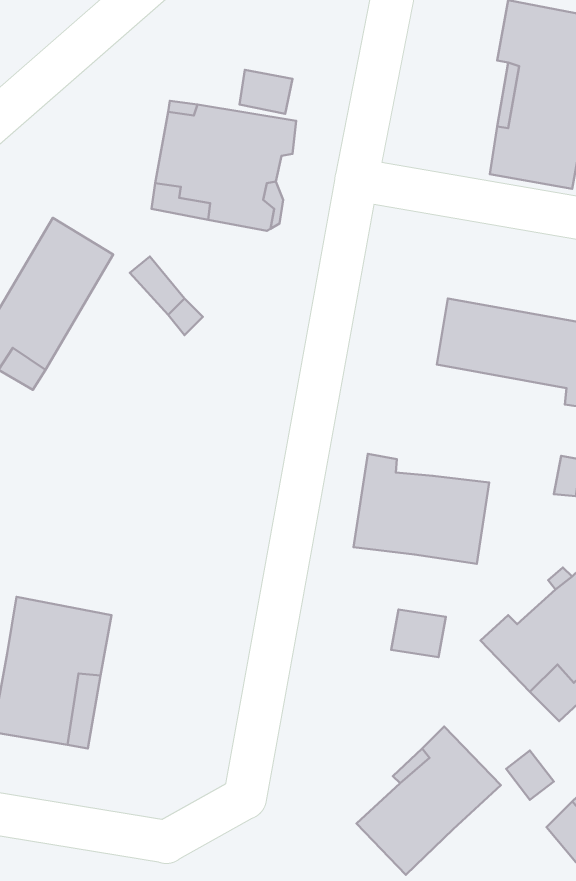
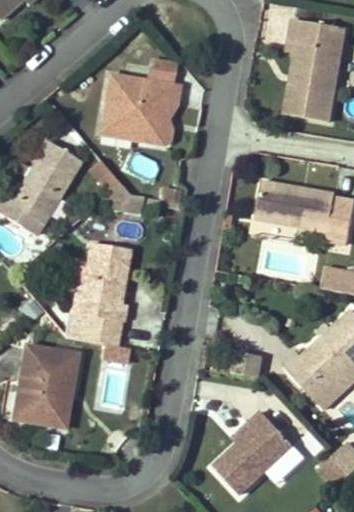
building: none -> [73,241,130,344]
building: [354,454,489,564] -> none

